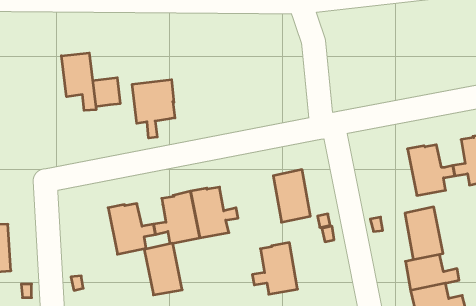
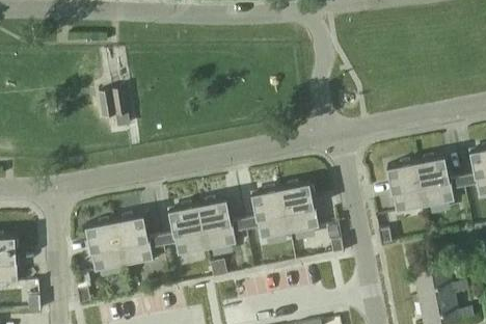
building: [61,53,96,110] -> none
building: [132,80,175,138] -> none
building: [405,207,443,260] -> [387,161,426,214]
building: [252,243,298,294] -> [244,188,290,240]
building: [144,243,182,295] -> [86,220,125,272]

